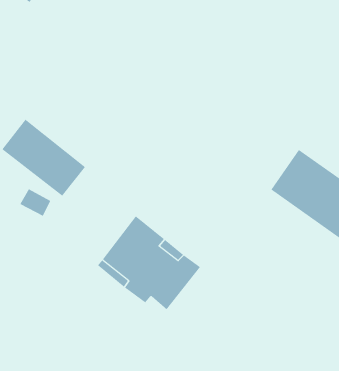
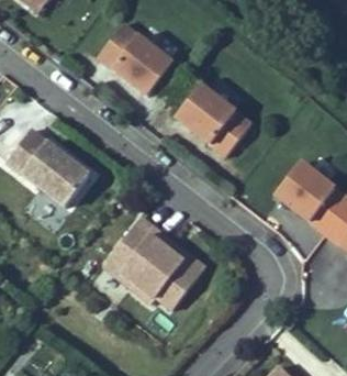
building: none -> [90,19,169,92]
building: none -> [167,77,250,156]

